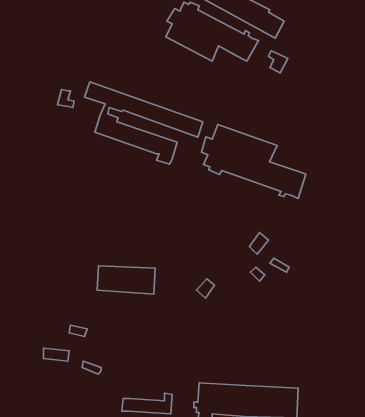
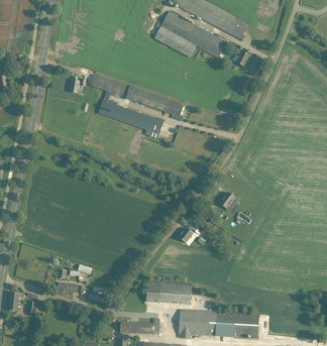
building: [201,125,306,199] -> none
building: [97,266,155,294] -> [145,280,191,303]

